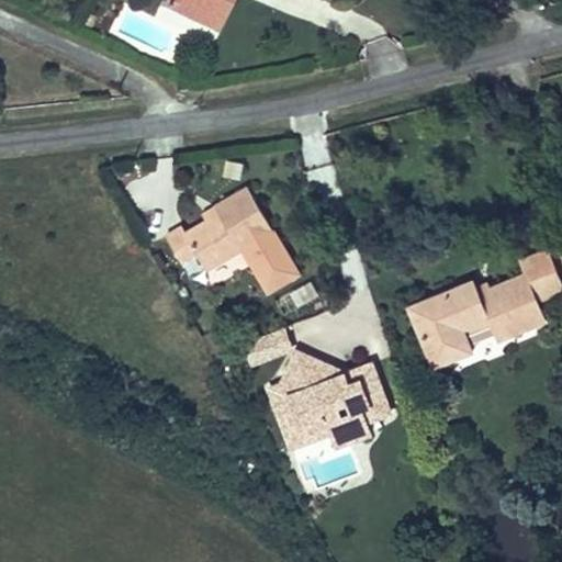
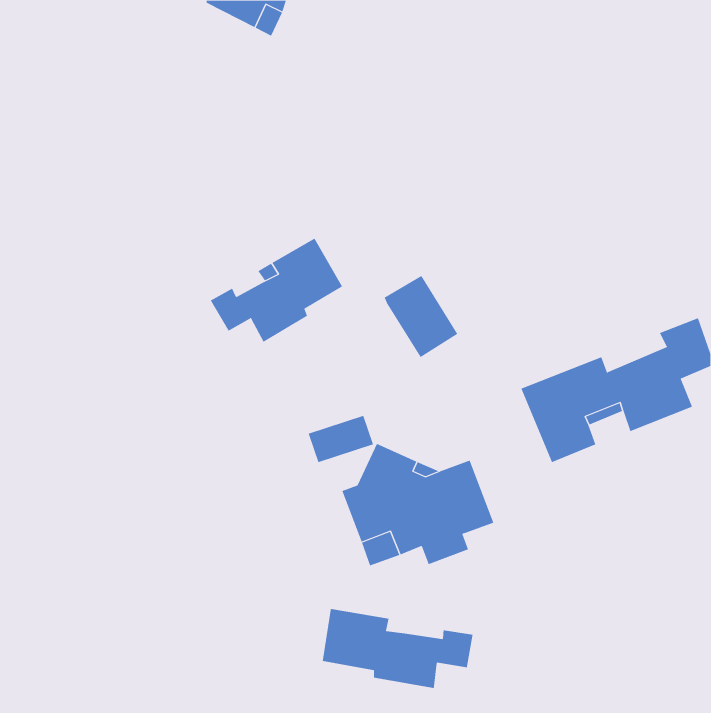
building: [239,226,297,291] -> [384,275,458,358]
building: none -> [322,608,473,689]

